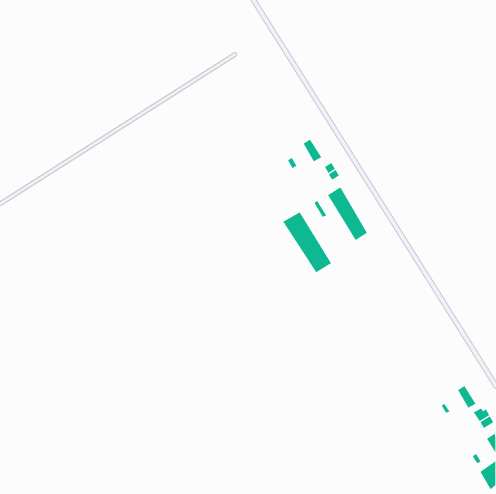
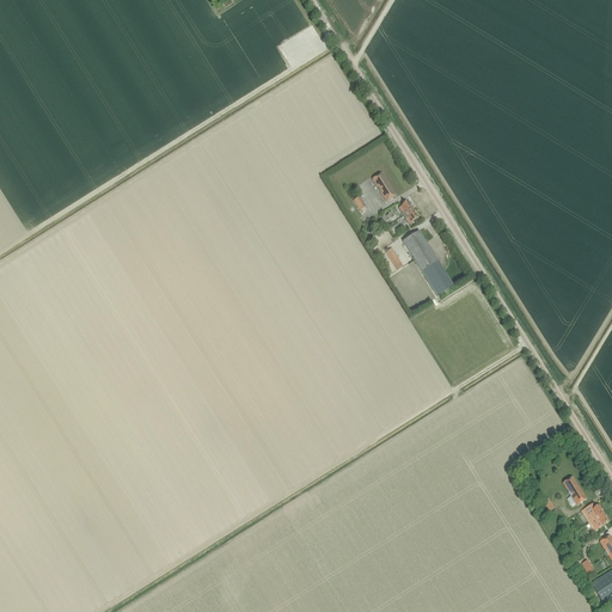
building: [283,211,332,273] -> none

